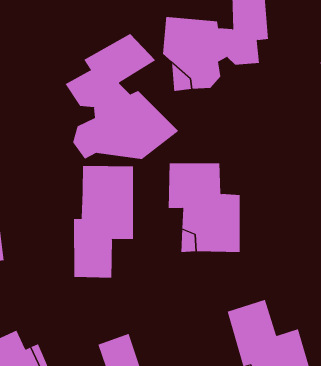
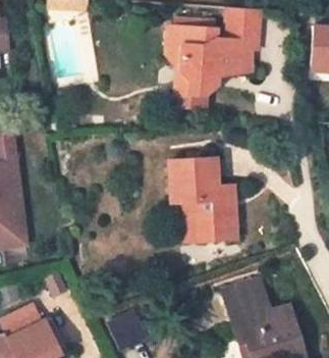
building: [65,33,179,160] -> none
building: [74,165,134,279] -> none

